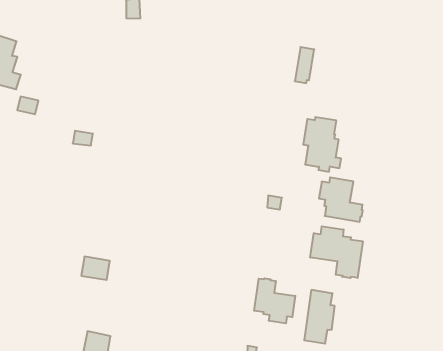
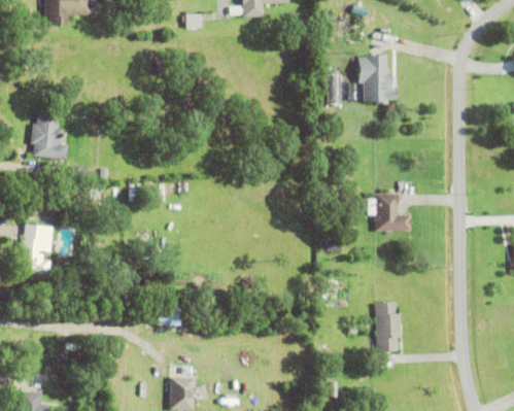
building: [303,117,341,172] -> [358,54,397,103]
building: [310,226,363,278] -> none
building: [254,278,295,323] -> none

